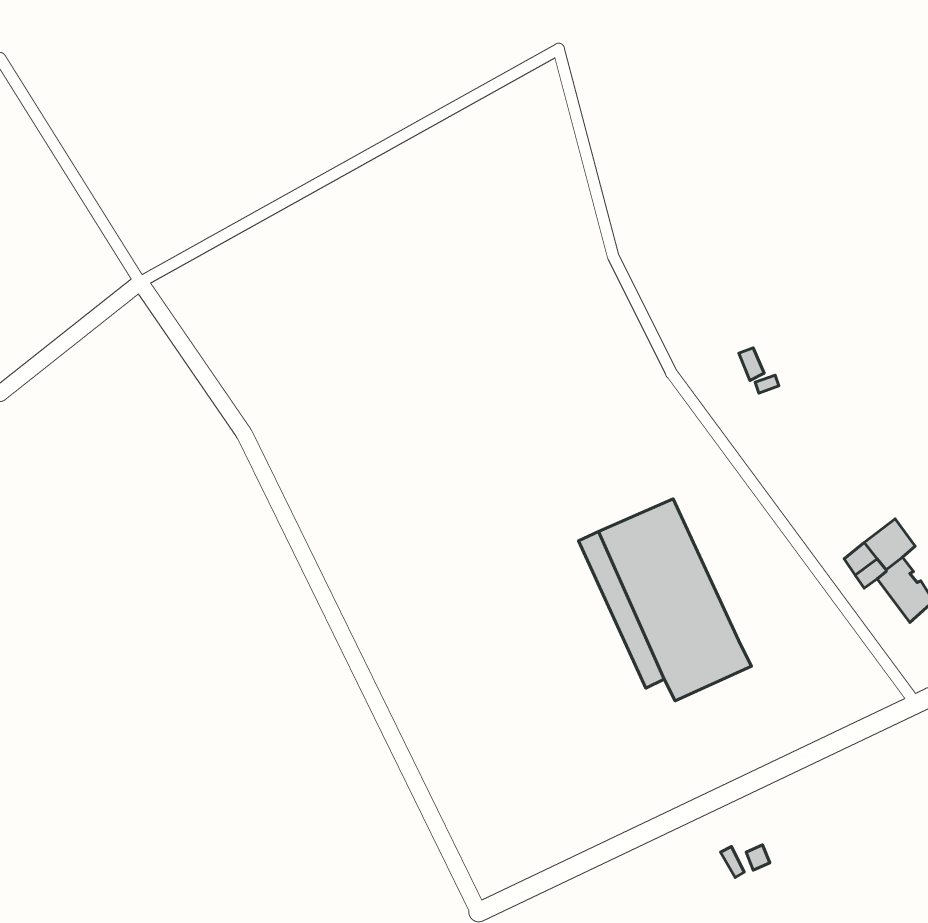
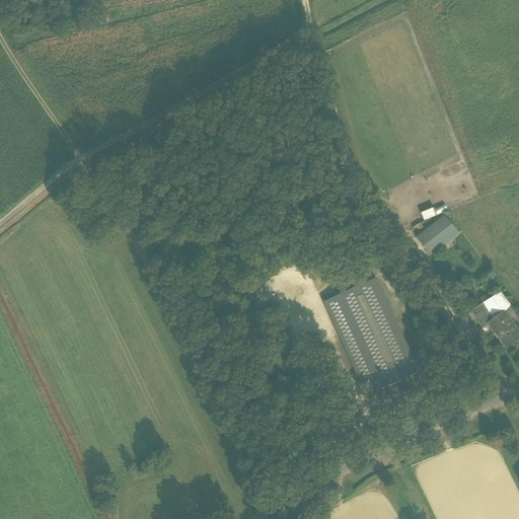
building: none -> [417,217,457,254]

